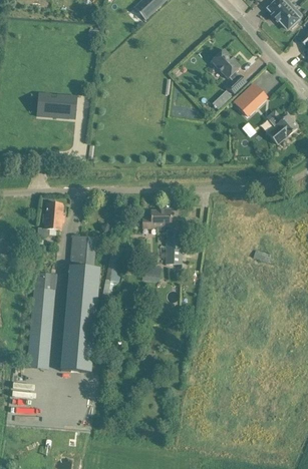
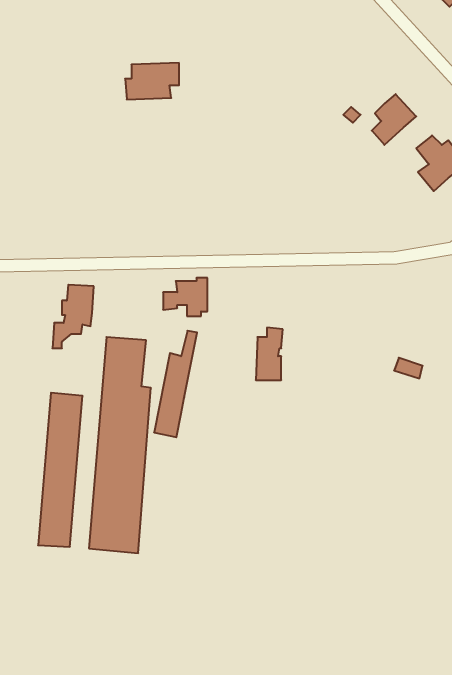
building: [212,48,247,92] -> none
building: [47,93,81,116] -> [125,63,179,99]
building: [142,207,171,231] -> [163,278,207,316]

